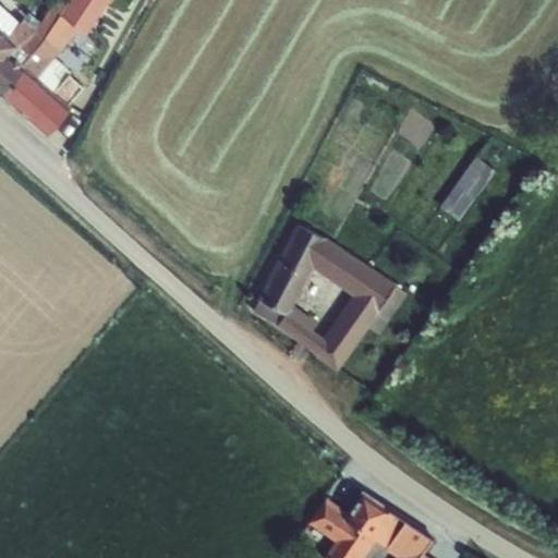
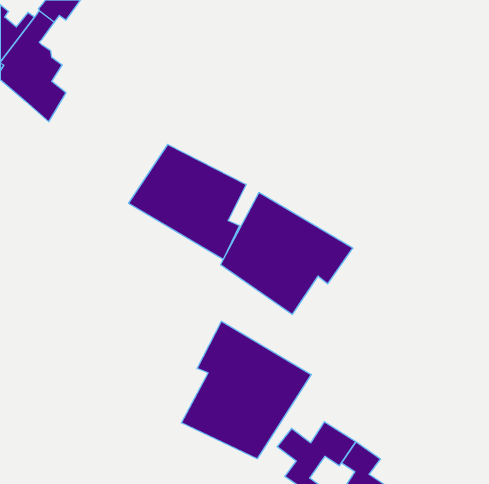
building: [441,159,497,221] -> none
building: none -> [129,144,246,259]
building: none -> [181,321,311,459]

